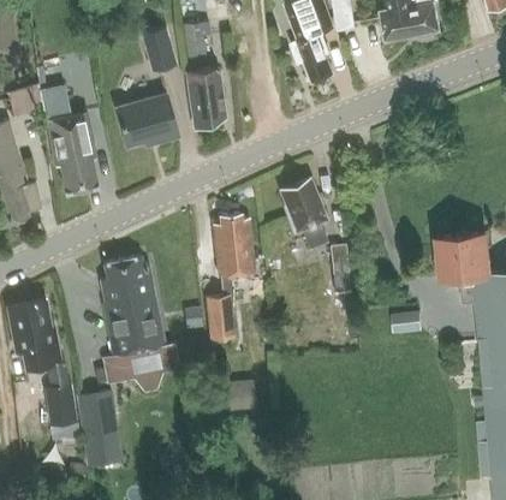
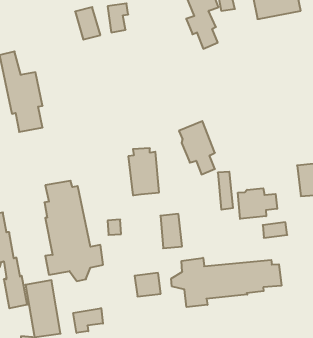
building: [190,70,228,130] -> none
building: [114,91,178,145] -> none
building: none -> [238,188,277,219]
building: [206,293,234,339] -> [160,214,182,248]
building: none -> [171,258,281,307]
building: none -> [73,308,103,333]

